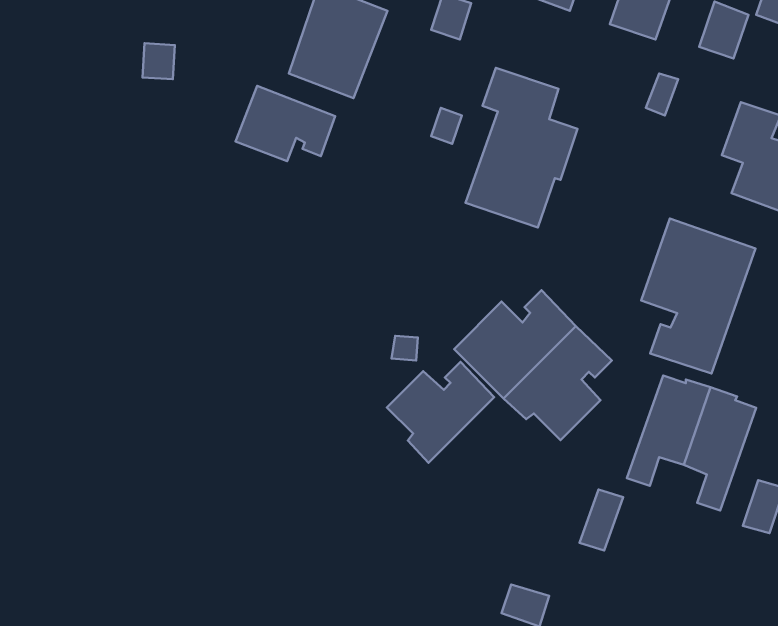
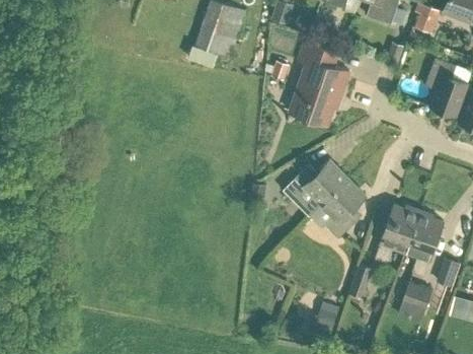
building: [236,86,335,161] -> none
building: [641,218,756,373] -> none
building: [387,362,494,463] -> none
building: none -> [401,281,430,308]

